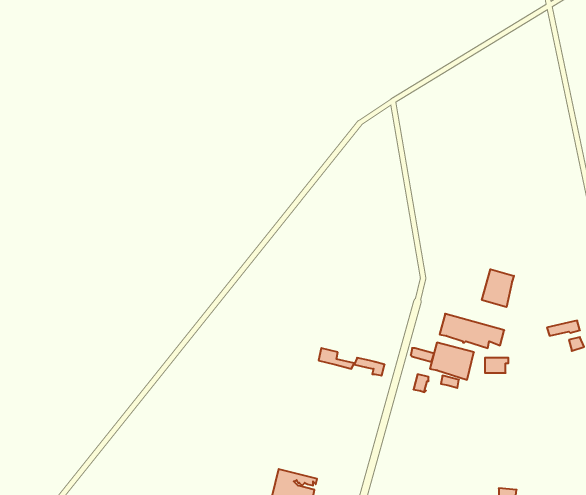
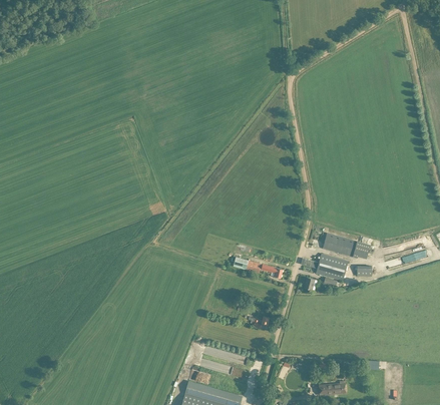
building: [482,269,514,307] -> none

